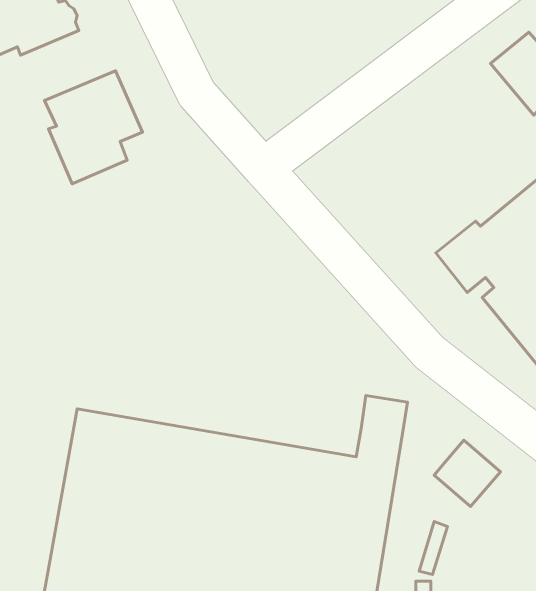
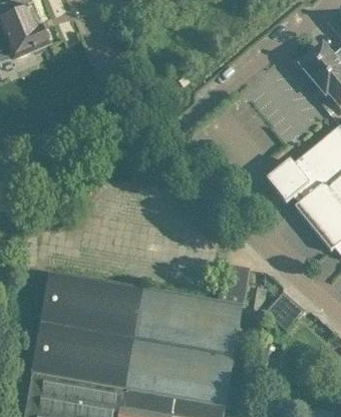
building: [44,71,143,184] -> none

